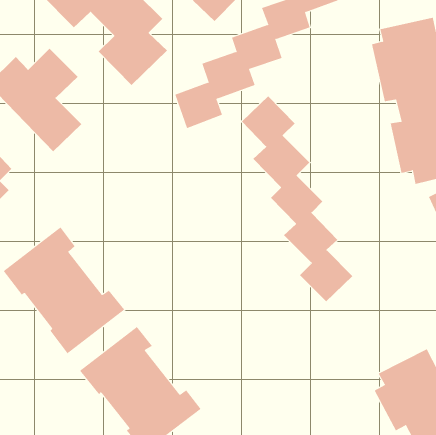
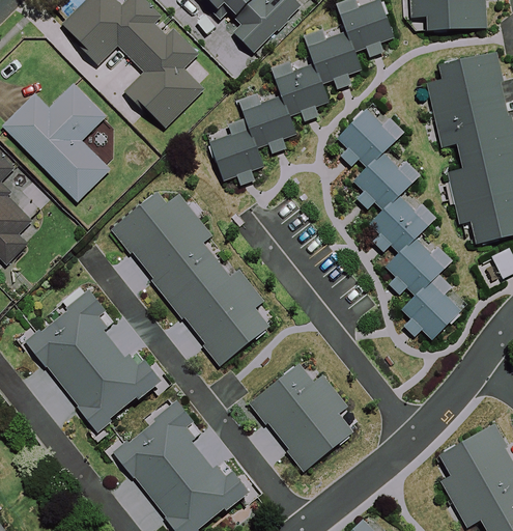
building: [241,95,353,302] -> [340,107,464,337]
building: none -> [109,187,269,365]
building: none -> [245,360,349,469]

